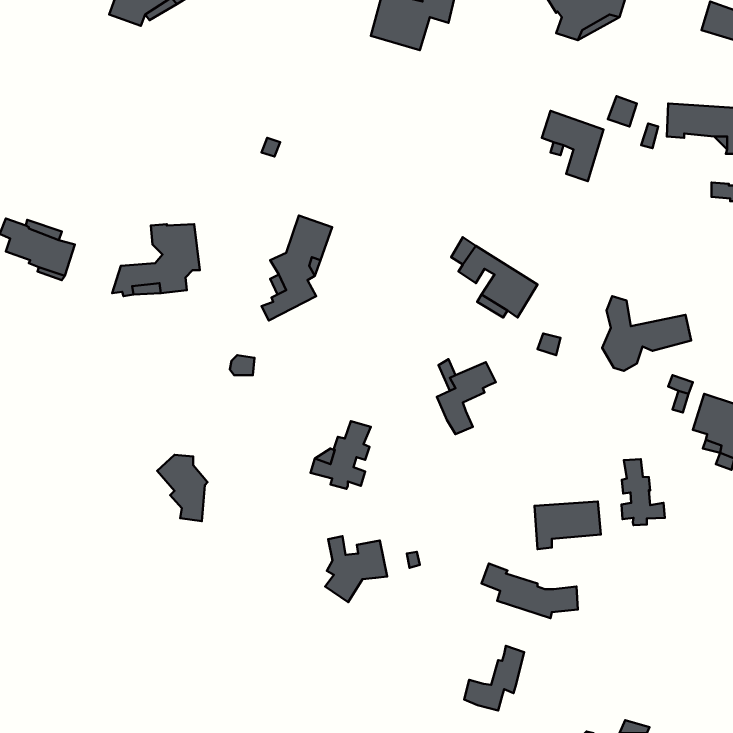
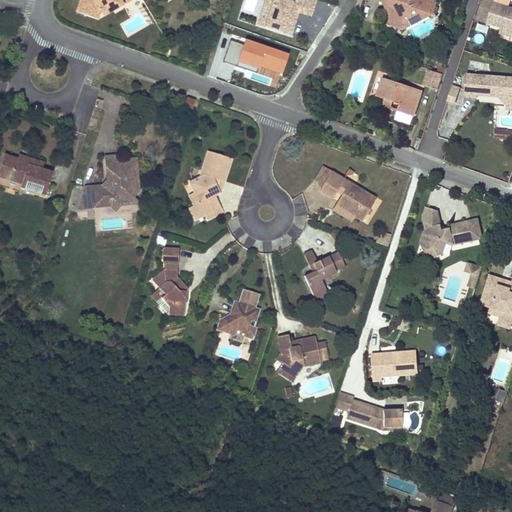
building: none -> [238,39,289,72]
building: [157,455,208,521] -> [152,269,187,315]
building: [621,459,665,525] -> none
building: [325,536,387,602] -> [277,335,320,381]
building: [464,646,524,711] -> none

